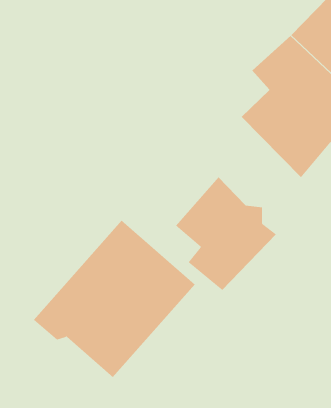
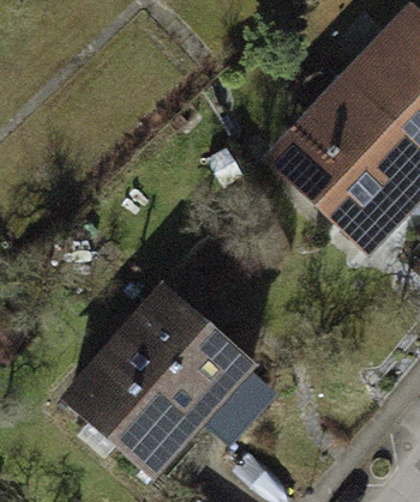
building: [175,177,277,291] -> none

